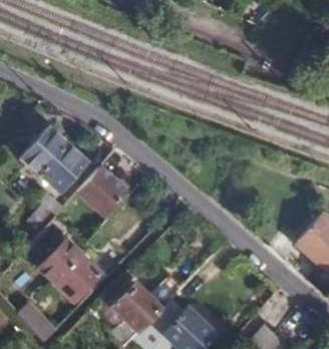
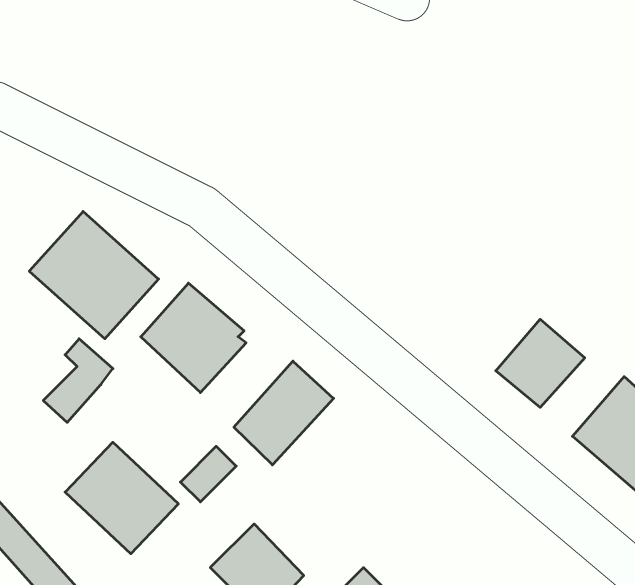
building: none -> [496,319,585,407]
building: none -> [234,361,334,465]

